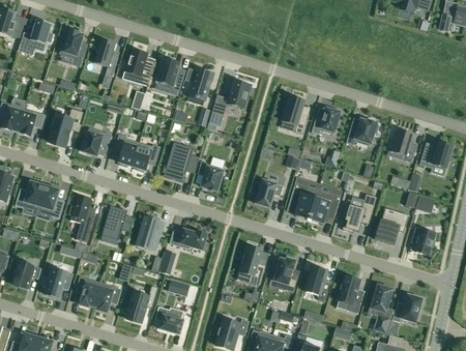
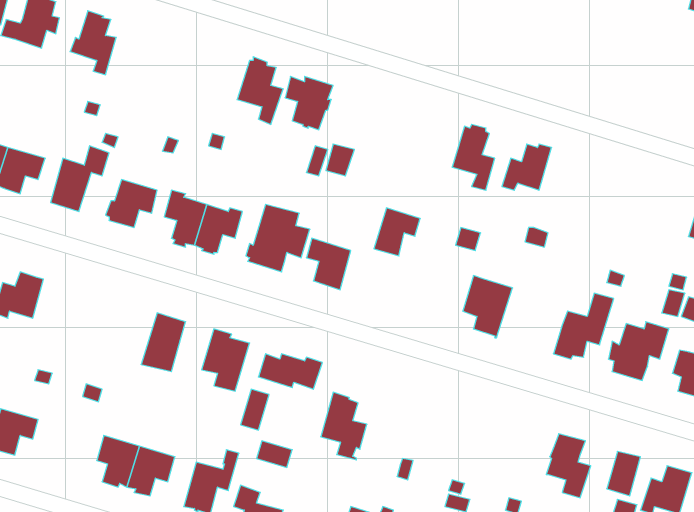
building: [94,38,118,77] -> none
building: [125,48,155,85] -> none
building: [227,80,251,108] -> none
building: [346,118,379,146] -> none
building: [389,128,417,162] -> none
building: [256,179,283,207] -> [374,208,420,256]
building: [38,185,64,218] -> none
building: [309,191,341,223] -> none
building: [69,195,95,241] -> none
building: [239,245,266,285] -> [321,392,367,460]
building: [273,258,297,292] -> none
building: [304,265,328,301] -> none
building: [43,267,74,297] -> none

